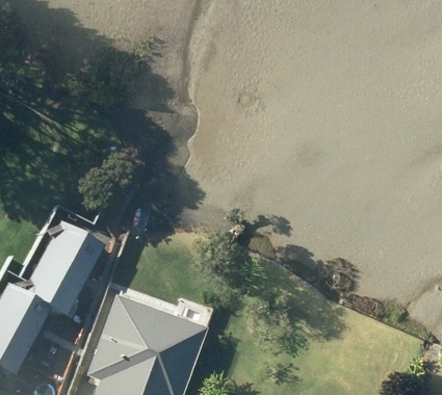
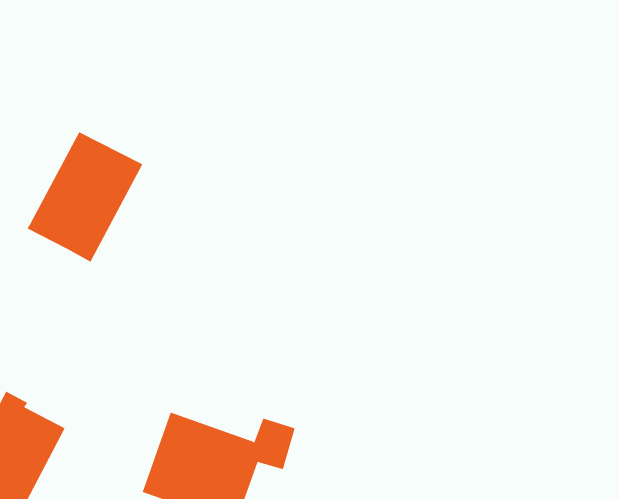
building: [20,227,101,318] -> [27,131,143,263]

